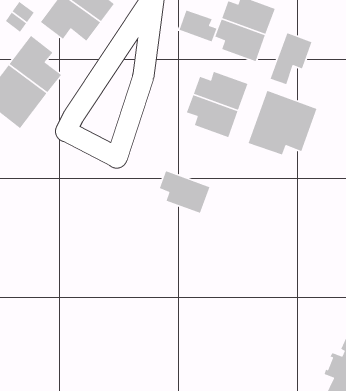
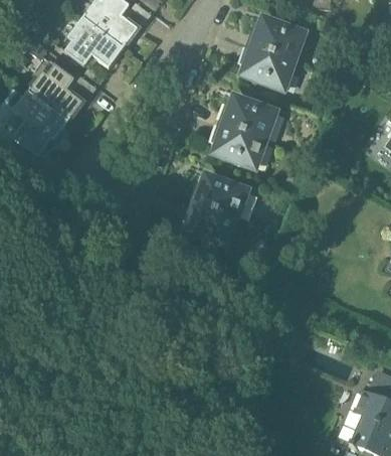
building: [178,10,217,42] -> none
building: [269,32,312,85] -> none
building: [247,90,318,156] -> none
building: none -> [190,176,247,217]

